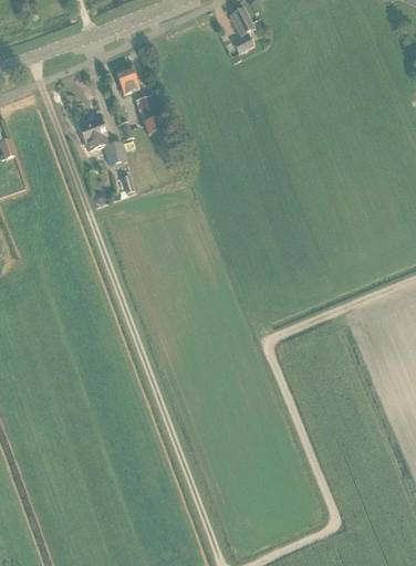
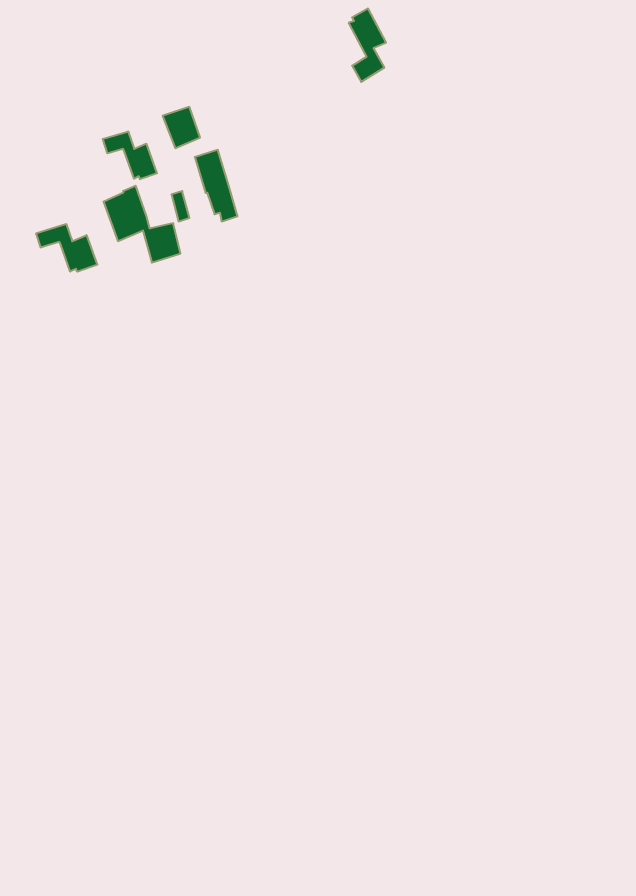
building: none -> [103,131,157,179]
building: none -> [36,224,97,272]

